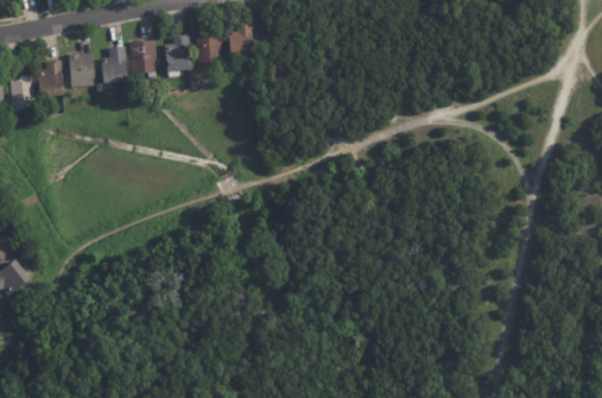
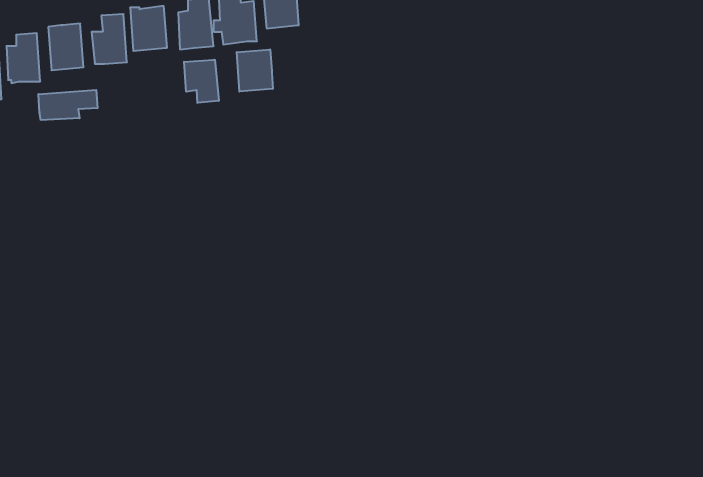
building: none -> [237,49,273,92]
building: none -> [184,60,219,103]
building: none -> [38,90,97,120]

